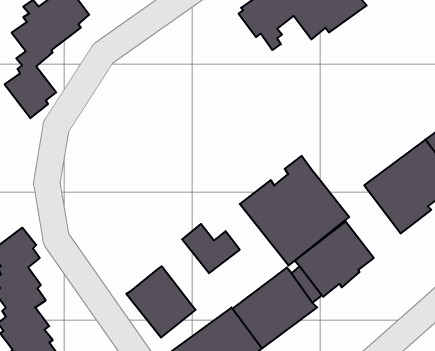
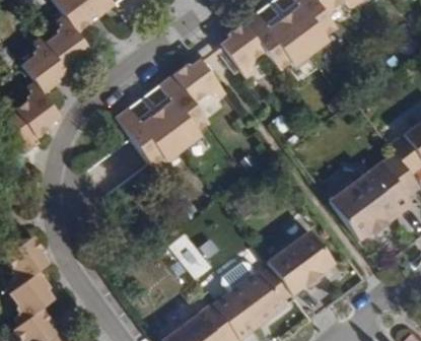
building: none -> [119,59,227,166]
building: [240,156,349,266] -> none
building: [126,266,196,338] -> none

